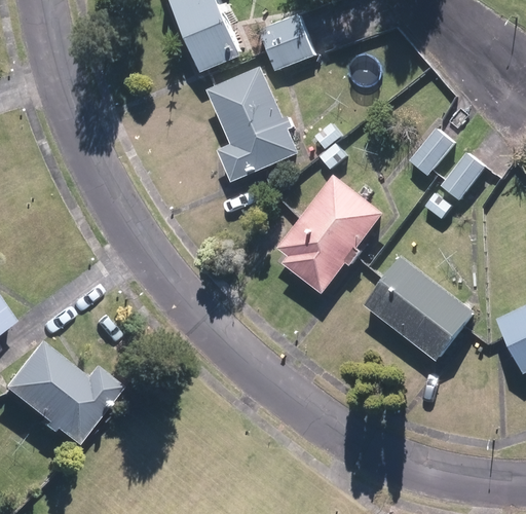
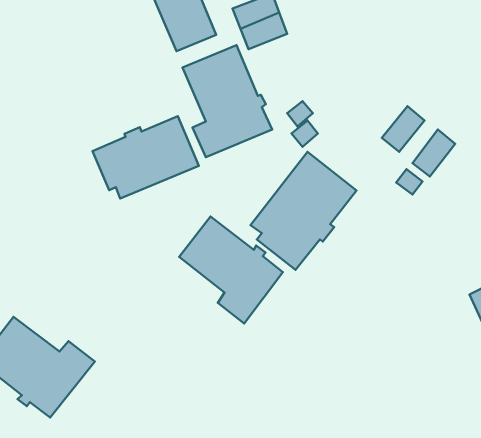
building: none -> [93,116,199,198]
building: none -> [179,217,283,324]
building: [364,255,476,361] -> none

